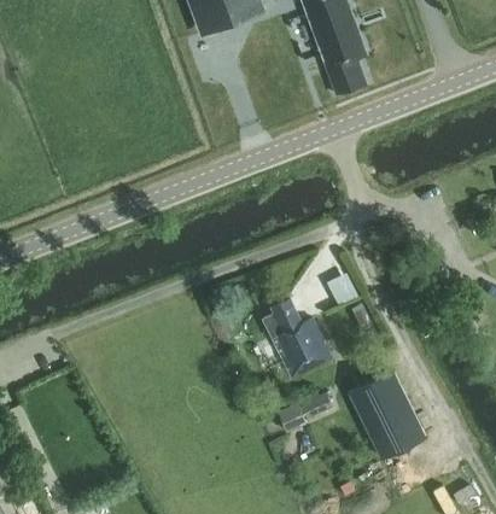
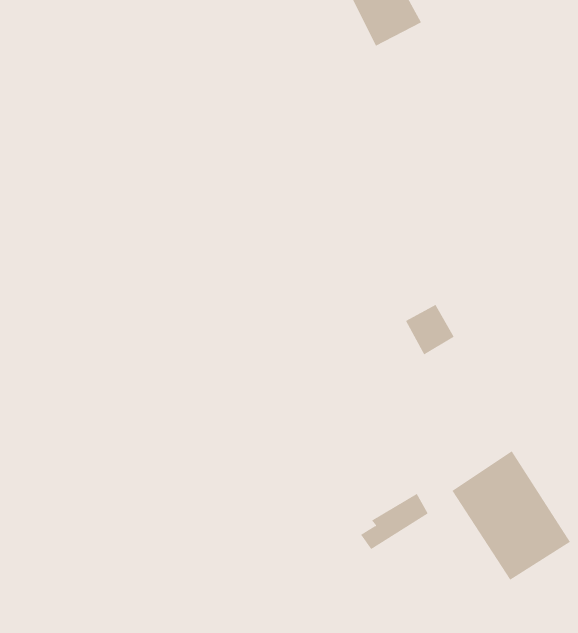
building: [263,299,332,378] -> none

